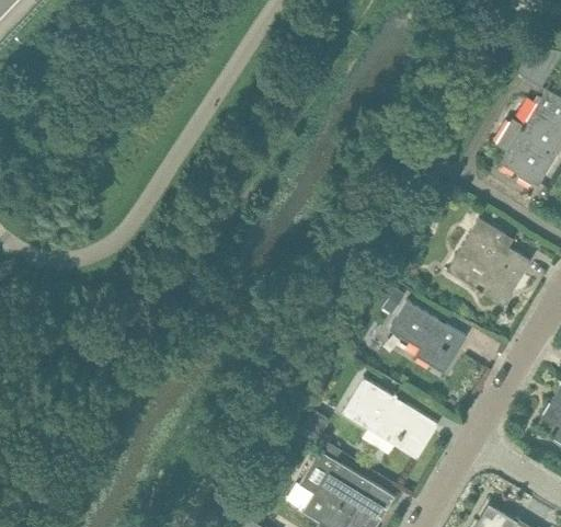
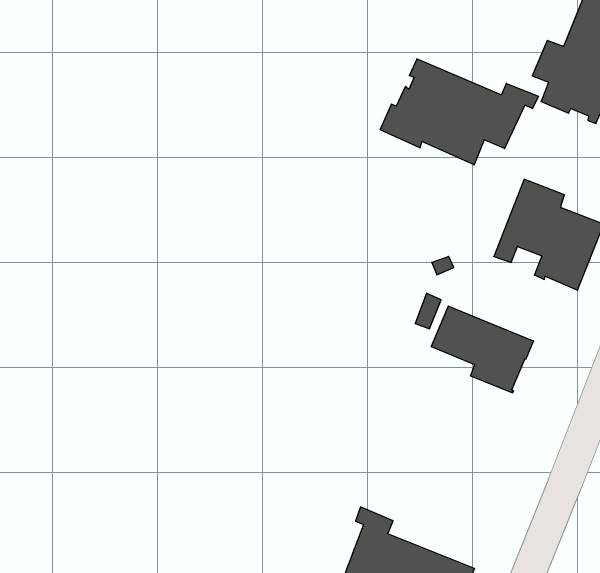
building: none -> [380,59,538,165]
building: [342,379,438,457] -> none

